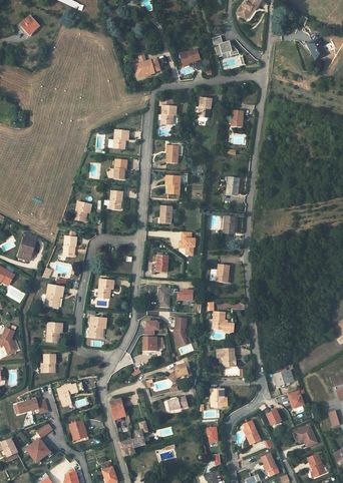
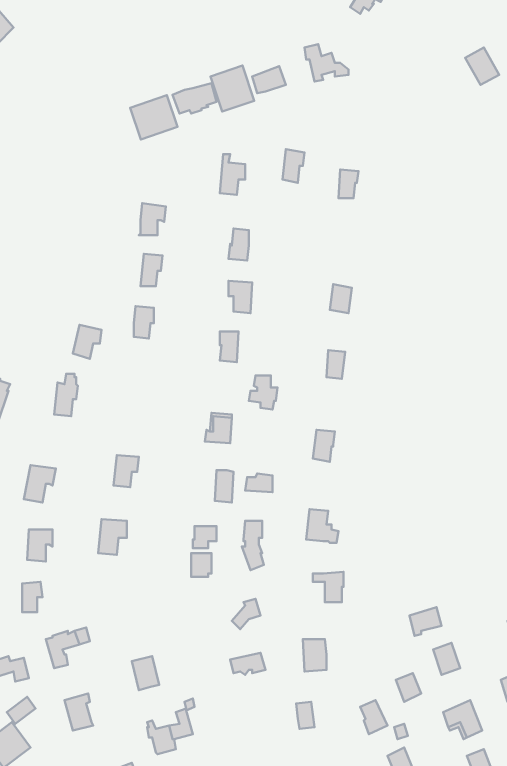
building: none -> [211,66,254,112]
building: none -> [130,95,177,140]

